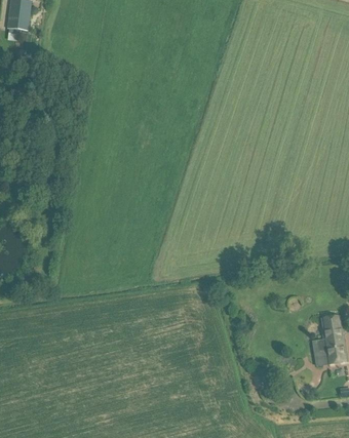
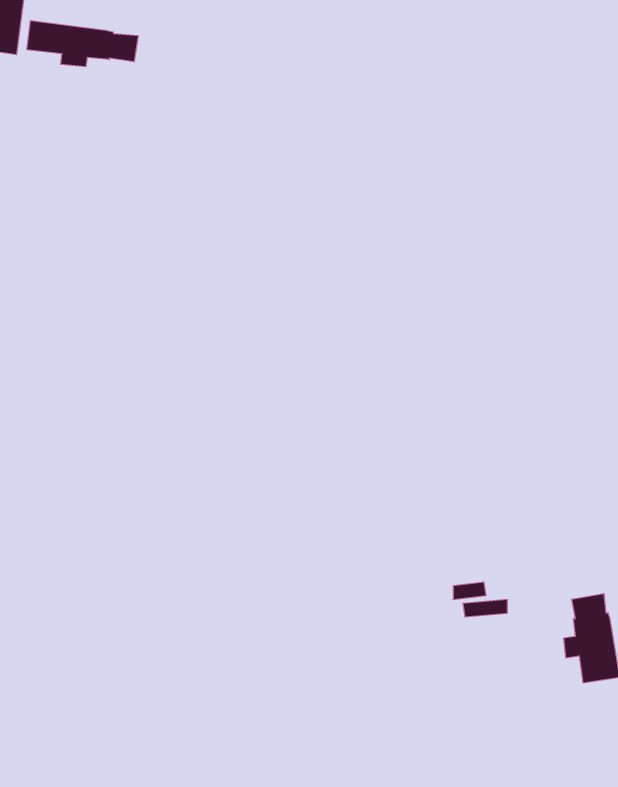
building: none -> [27,20,138,67]

